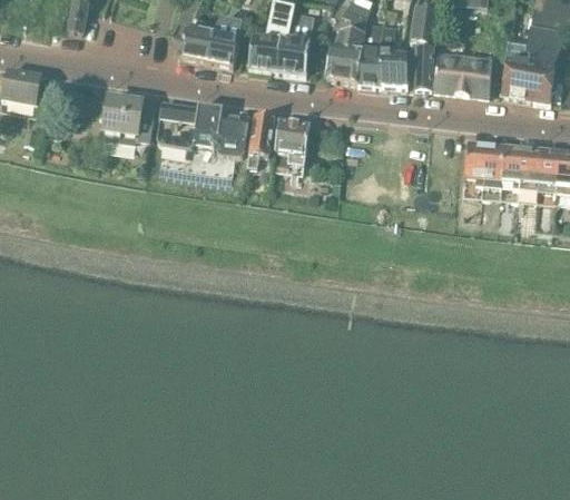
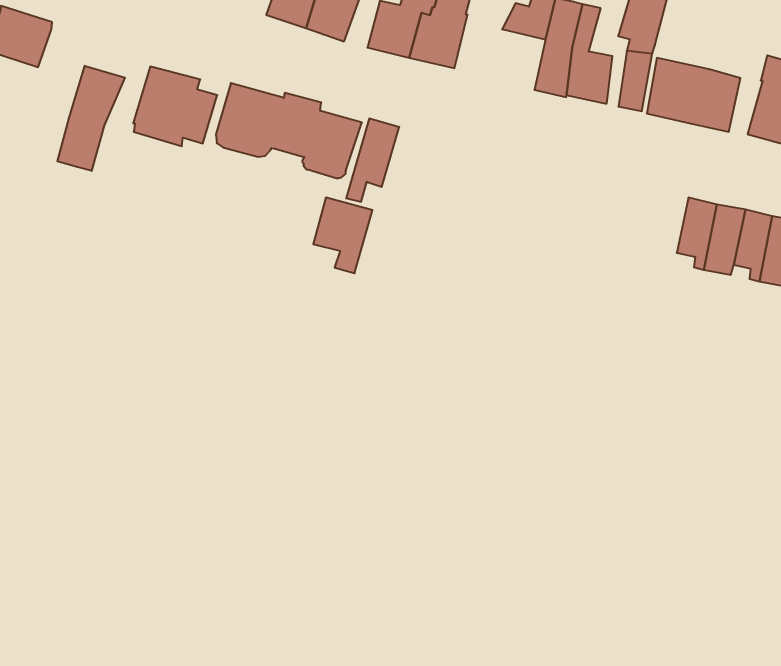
building: [326,45,363,81] -> none
building: none -> [57,66,125,171]
building: [275,117,311,164] -> [313,198,372,273]

